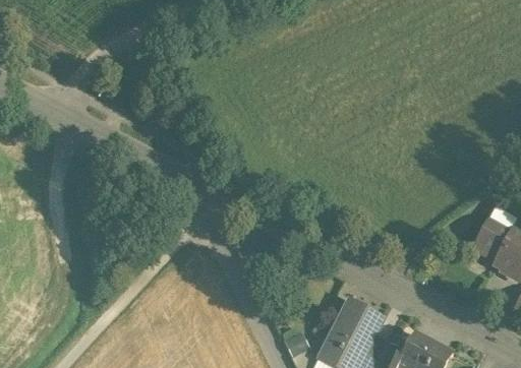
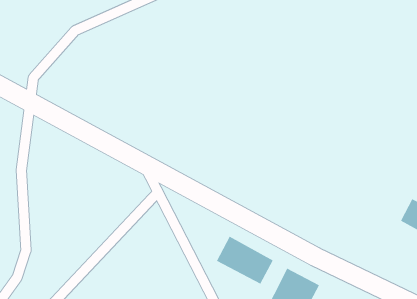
building: none -> [216,236,274,284]

